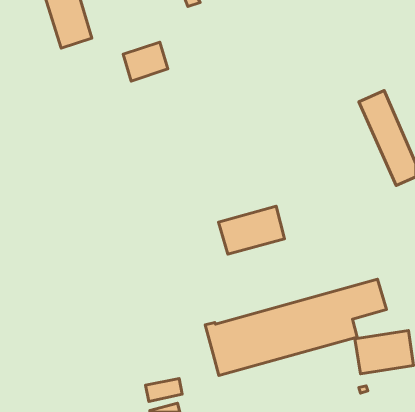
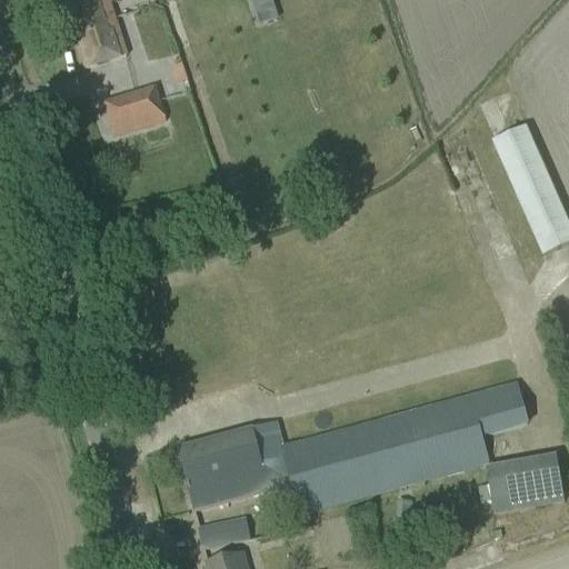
building: [123,42,168,81] -> [104,81,166,134]
building: [218,206,285,254] -> none
building: none -> [179,421,292,509]

